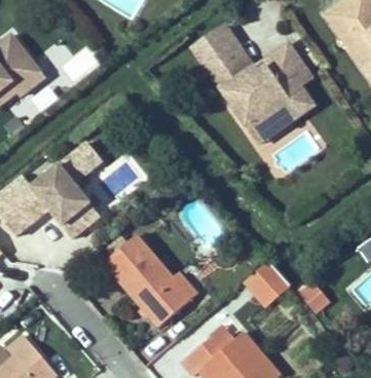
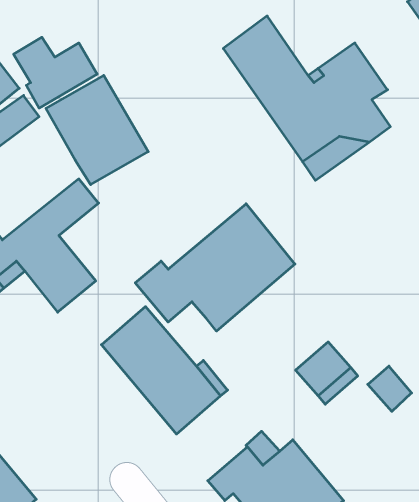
building: none -> [46,75,148,185]
building: none -> [135,204,295,331]

